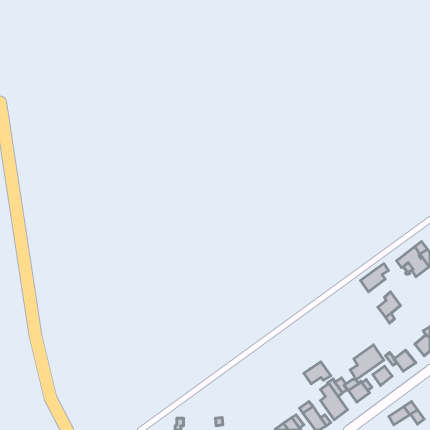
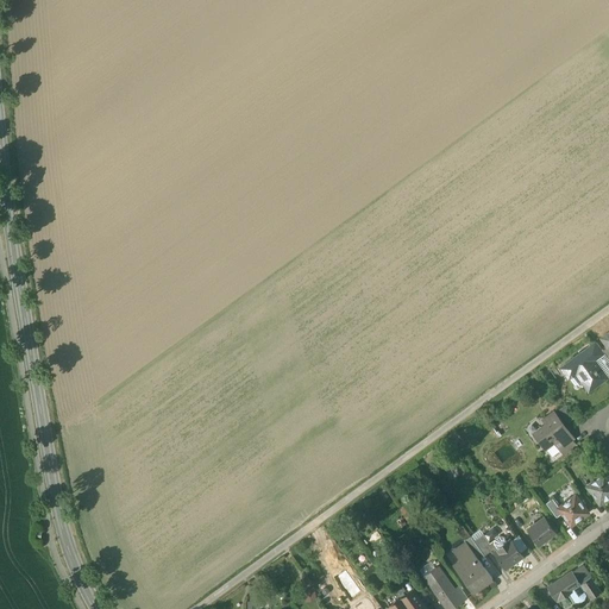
building: [361,264,388,292] -> none
building: [350,345,384,379] -> none
building: [304,362,331,384] -> none

